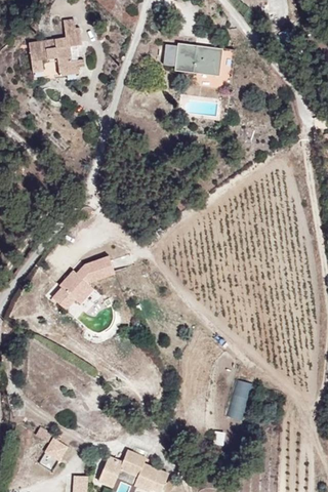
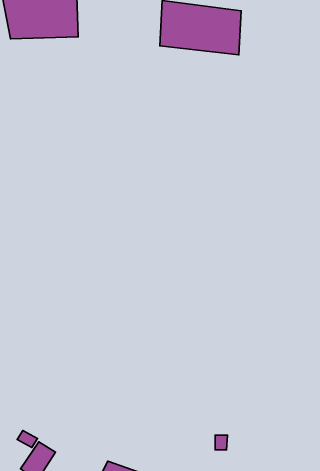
building: [56,253,117,313] -> none
building: [225,379,250,420] -> none

